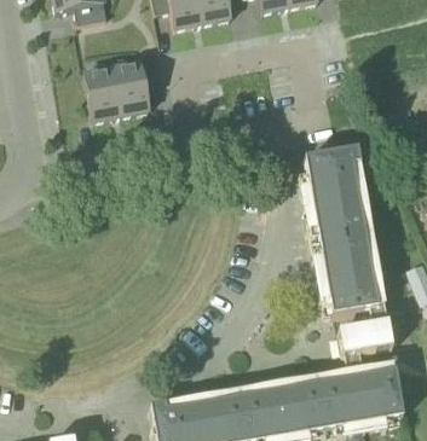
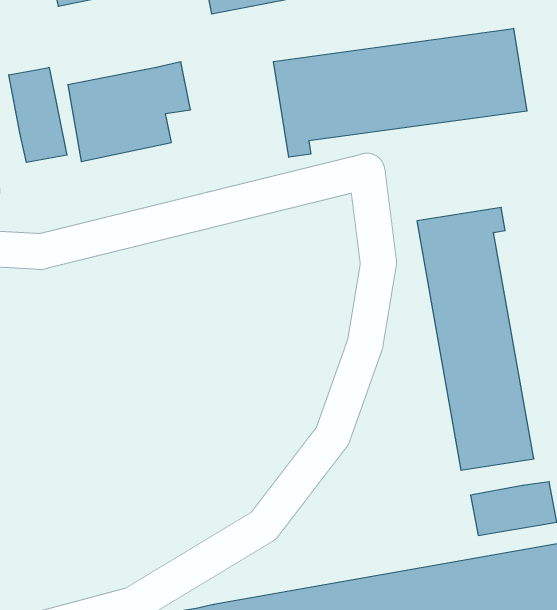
building: none -> [273,28,527,157]
building: none -> [9,67,67,162]

